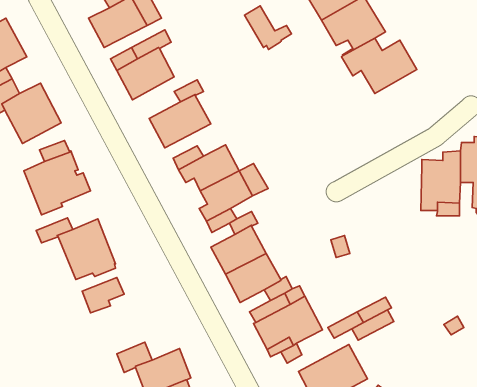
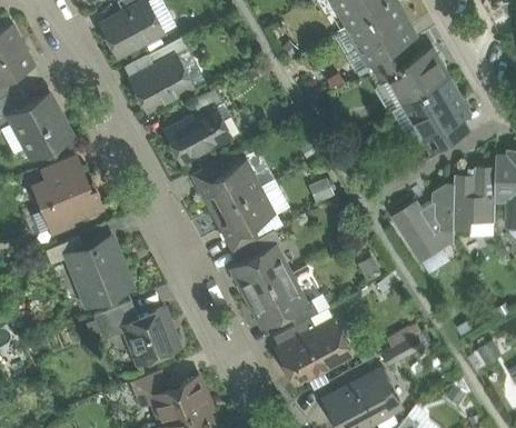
building: [245,6,292,50] -> [331,27,381,73]
building: none -> [405,79,469,150]
building: none -> [394,182,455,260]
building: none -> [121,308,179,364]

